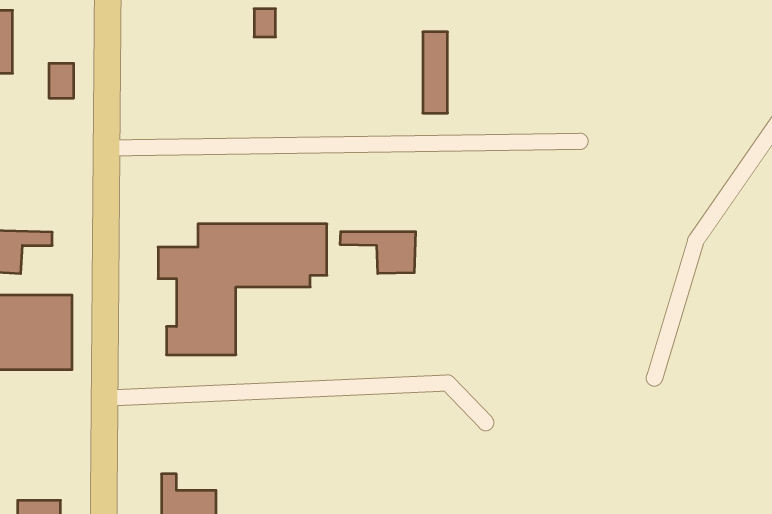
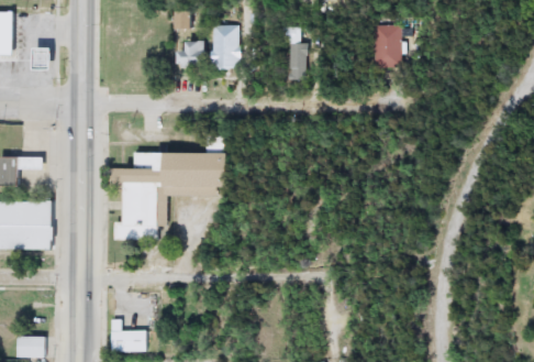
building: none -> [214,25,236,68]
building: none -> [374,25,397,66]
building: none -> [179,41,201,67]
building: [340,232,416,274] -> none

